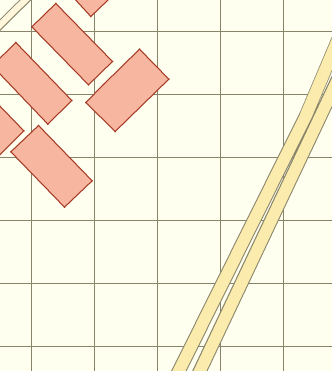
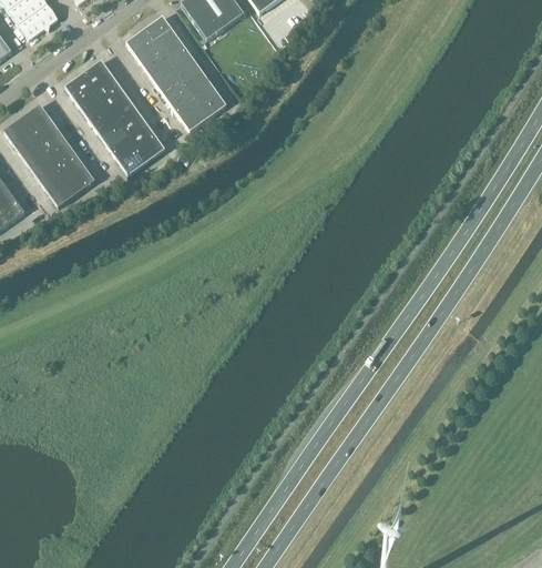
building: [86,49,169,132] -> none
building: [11,125,92,207] -> none

